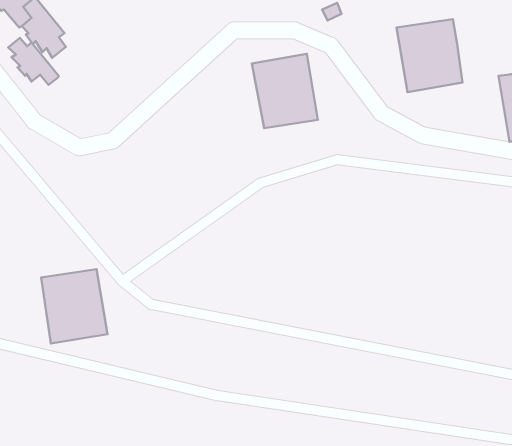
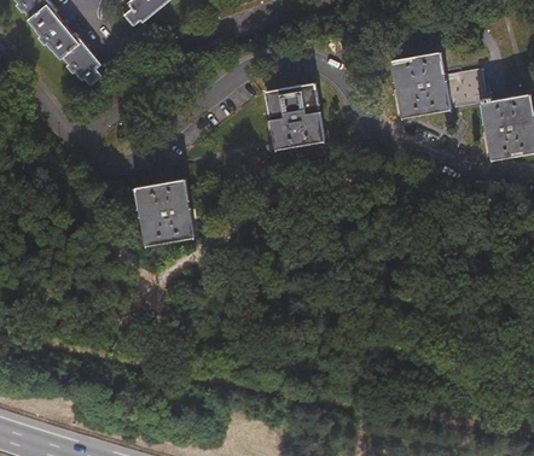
building: none -> [446,68,487,109]
building: [8,38,59,85] -> none
building: [41,269,107,344] -> [135,180,193,245]

